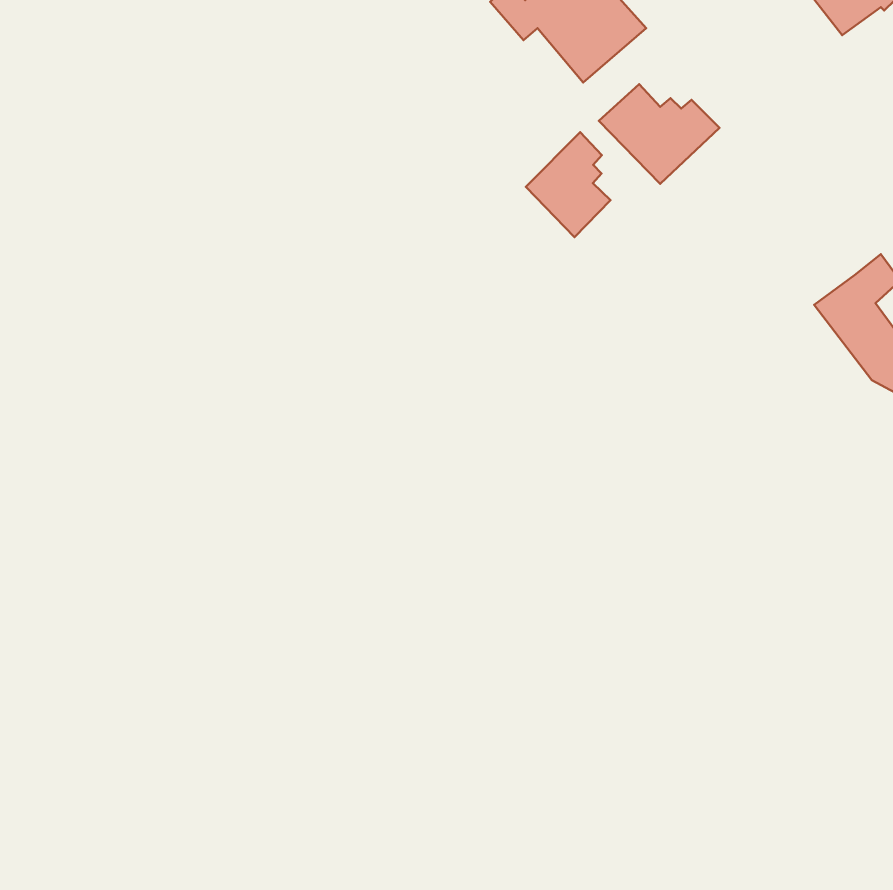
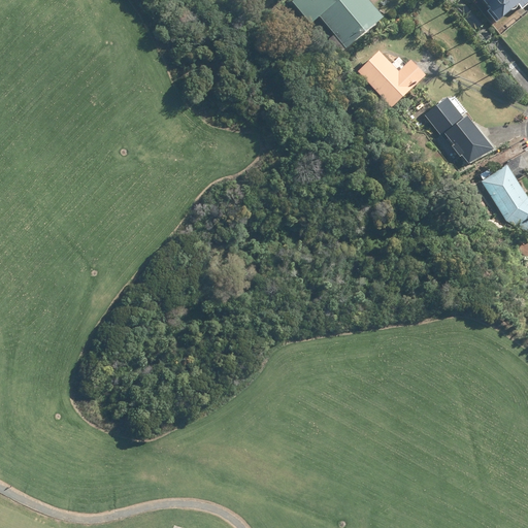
building: [526,132,611,237] -> none
building: none -> [426,94,496,163]

